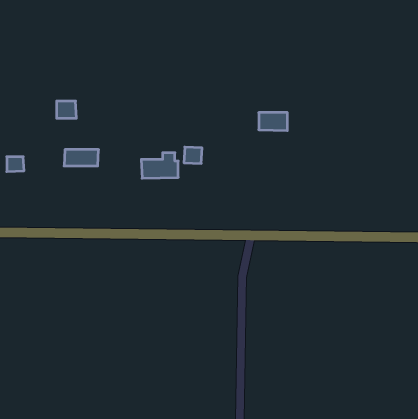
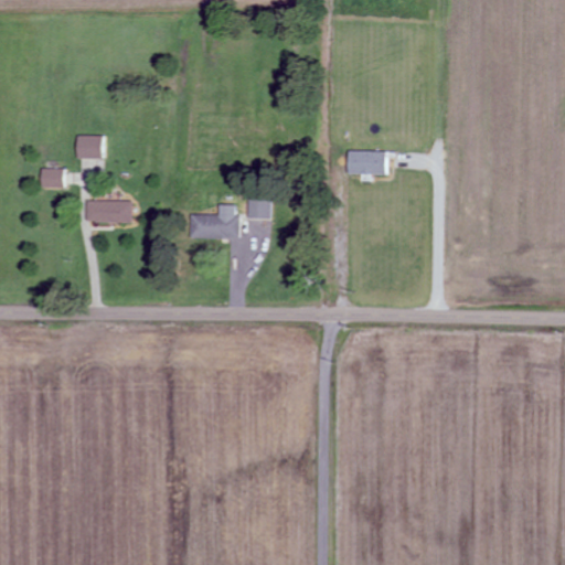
building: [7,157,24,172] -> [41,169,64,189]

